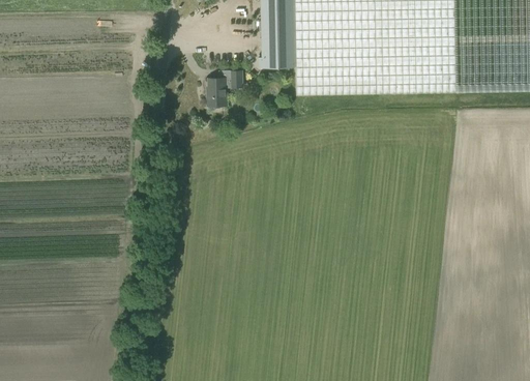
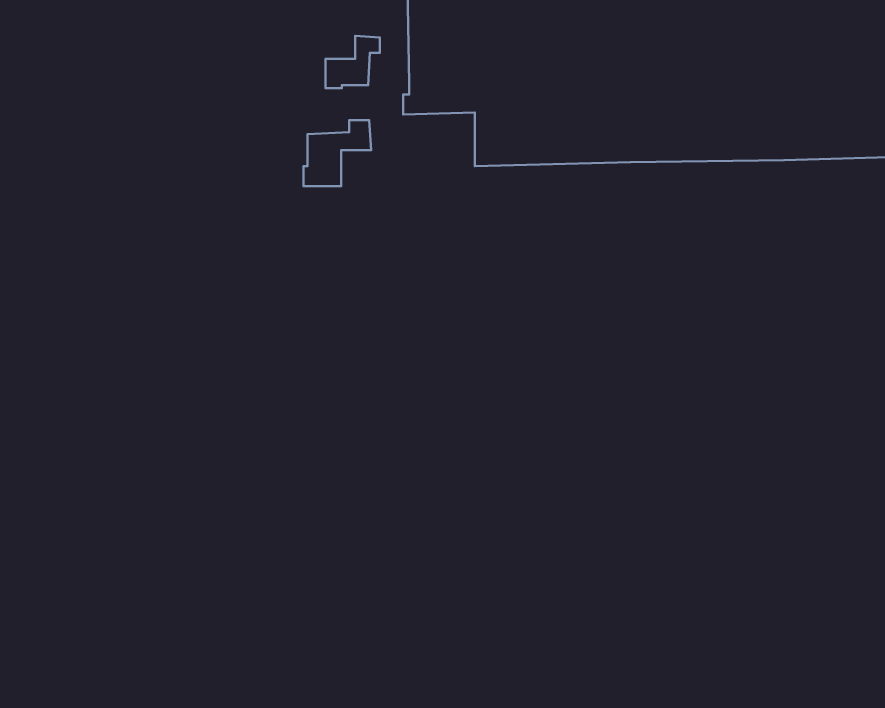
building: none -> [325,36,380,88]

